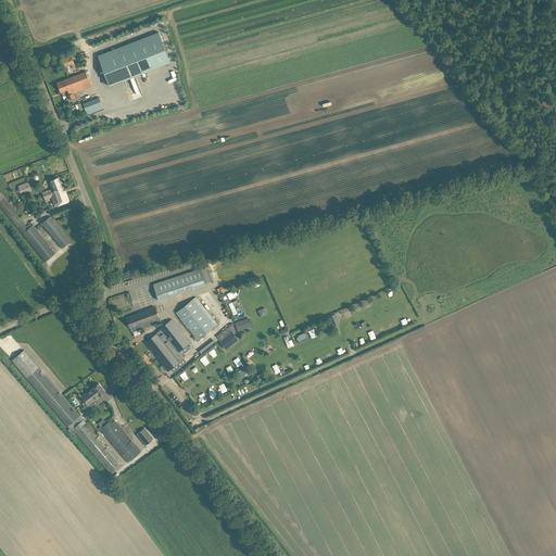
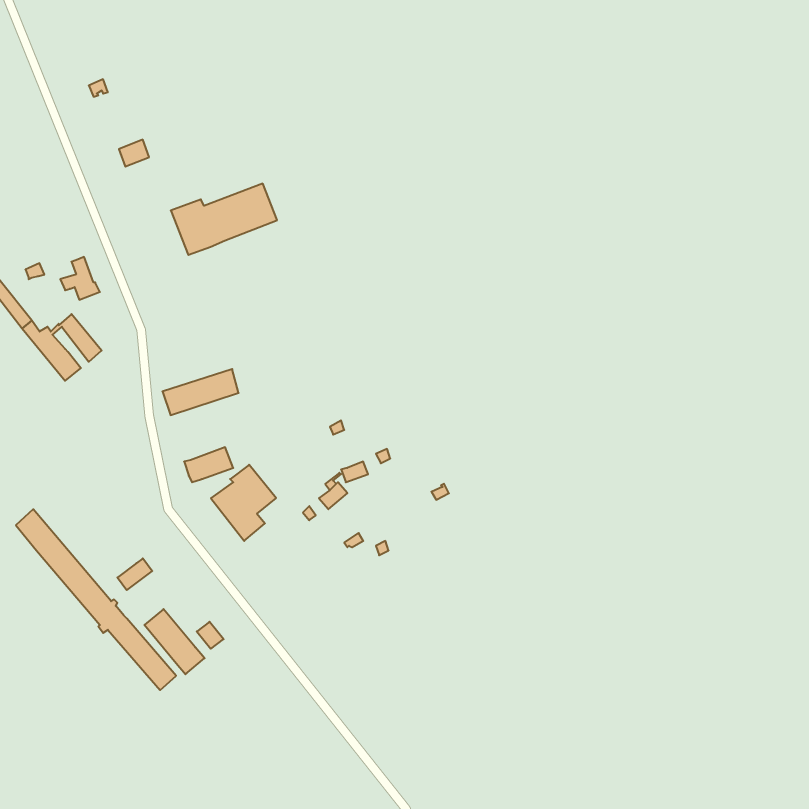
building: [97,36,169,85] -> [171,184,277,255]
building: [56,71,90,99] -> none
building: [152,267,204,299] -> [162,369,239,415]
building: [175,298,214,338] -> none

